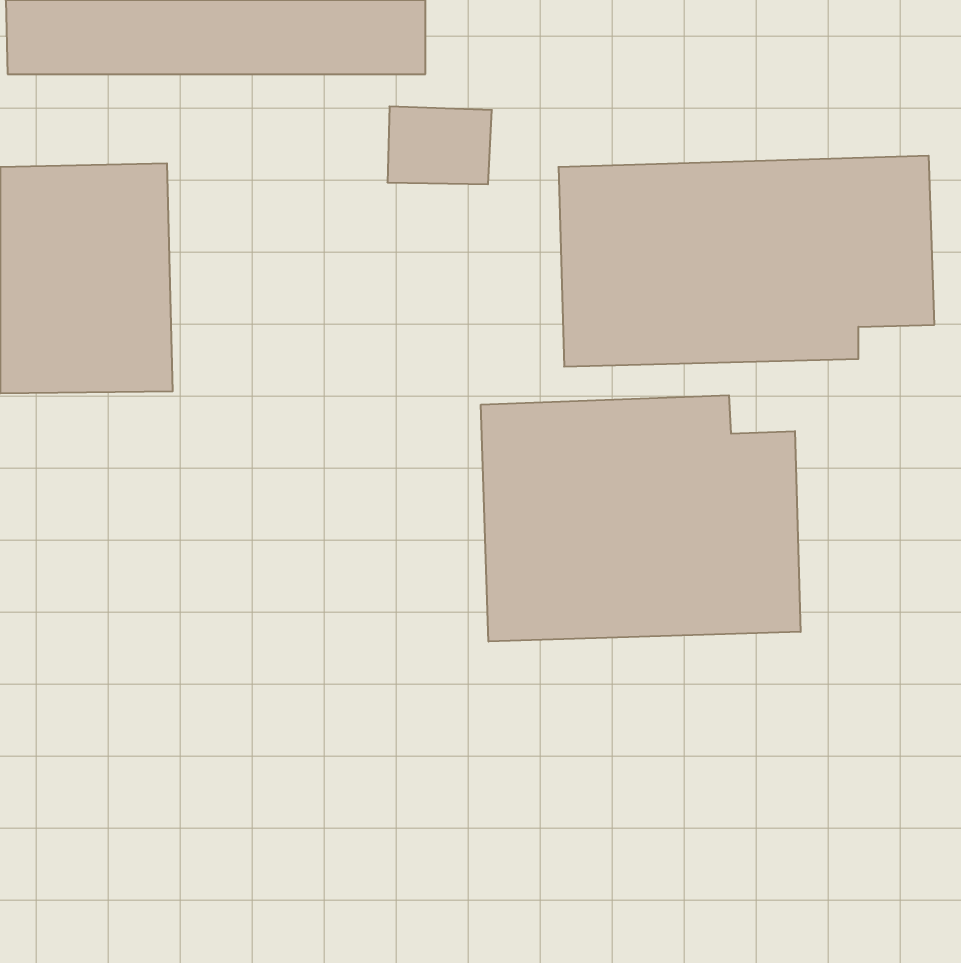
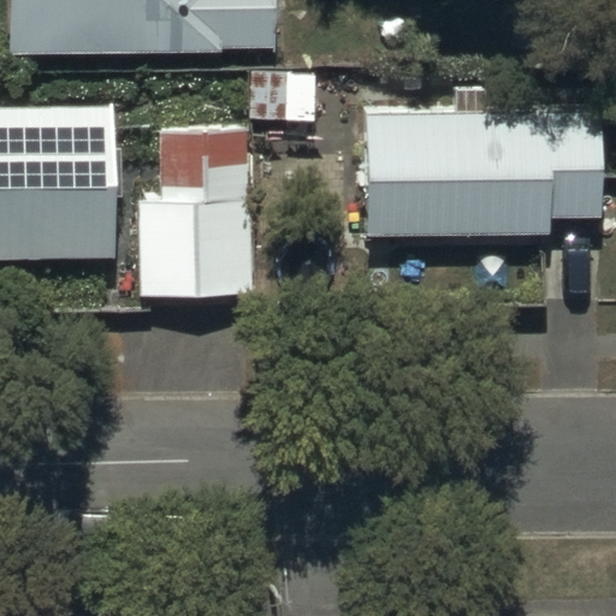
building: none -> [138,130,253,296]
building: [481,395,801,642] -> none

